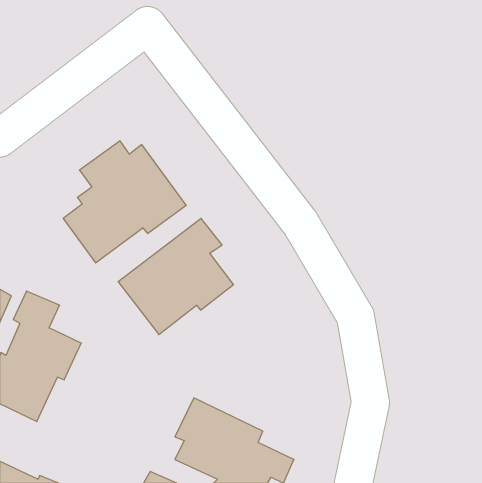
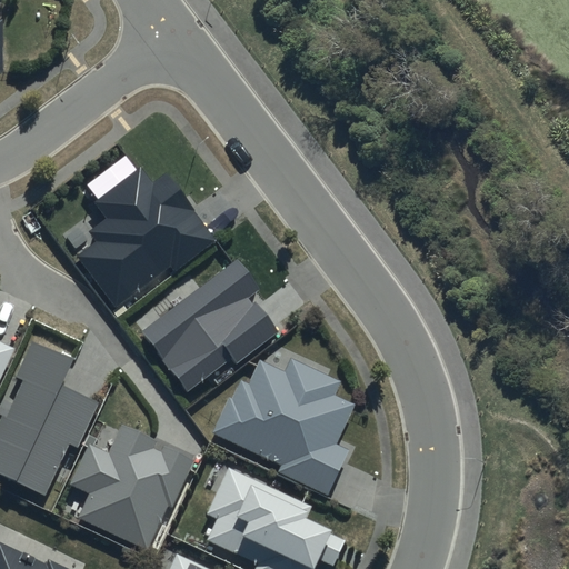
building: none -> [209,360,355,497]
building: none -> [69,423,193,549]

